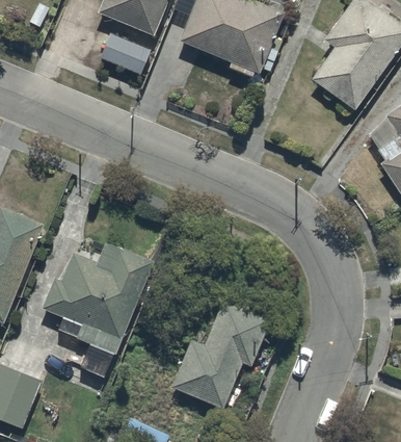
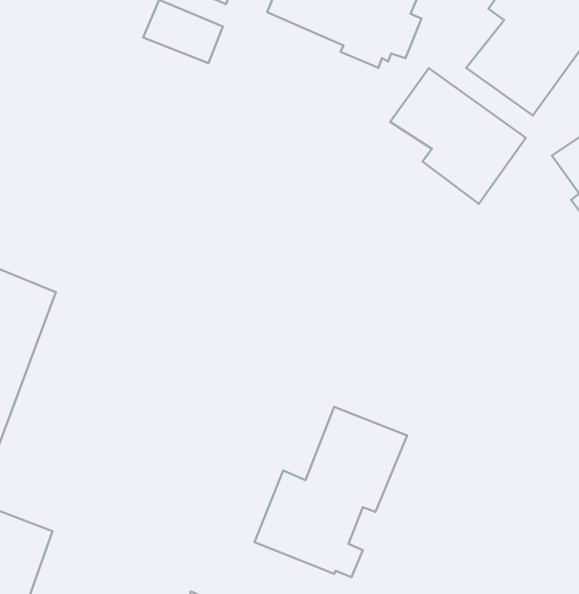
building: none -> [390,68,526,204]
building: [43,241,153,378] -> none

